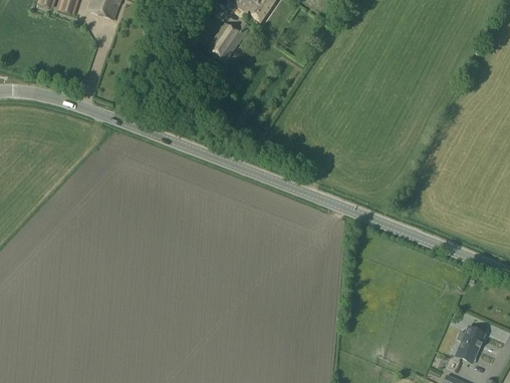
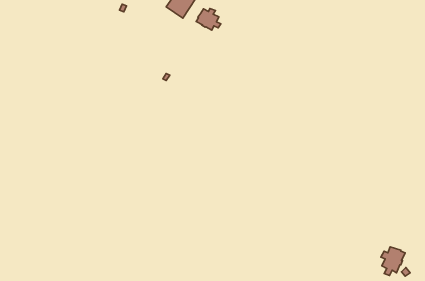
building: none -> [196,8,221,30]

